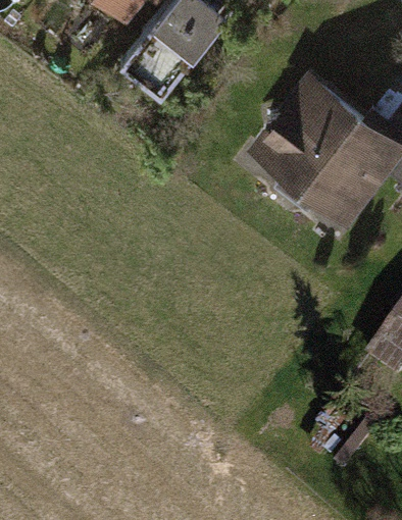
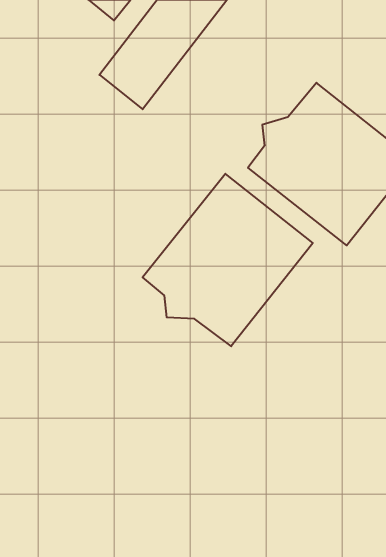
building: none -> [143,174,313,346]

